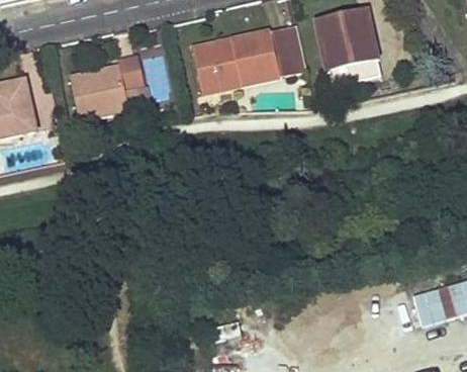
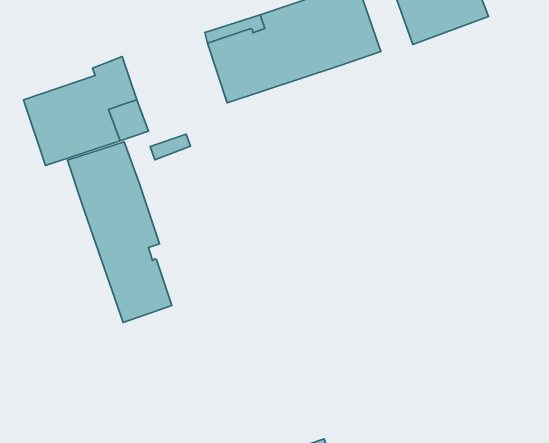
building: none -> [68,142,172,323]

